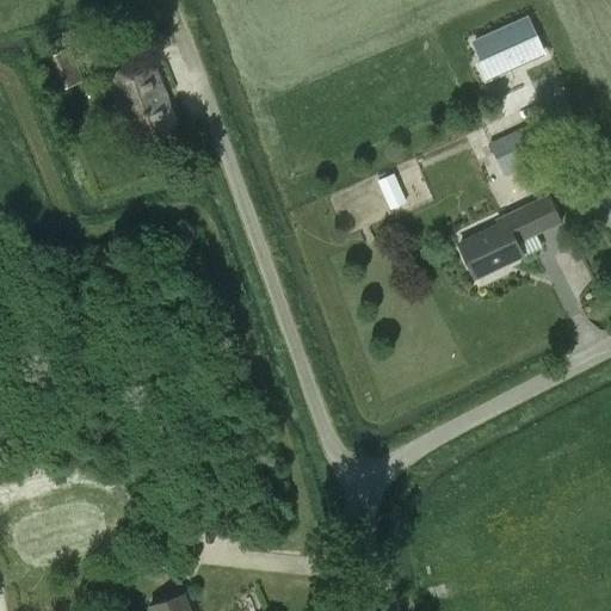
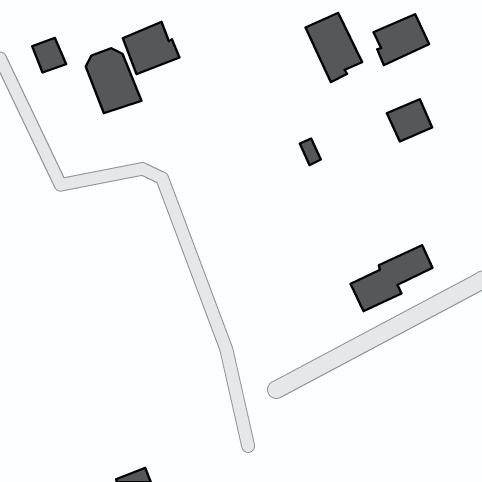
building: none -> [306,13,362,82]
building: none -> [123,22,180,74]
building: [458,195,562,278] -> [350,245,433,311]

